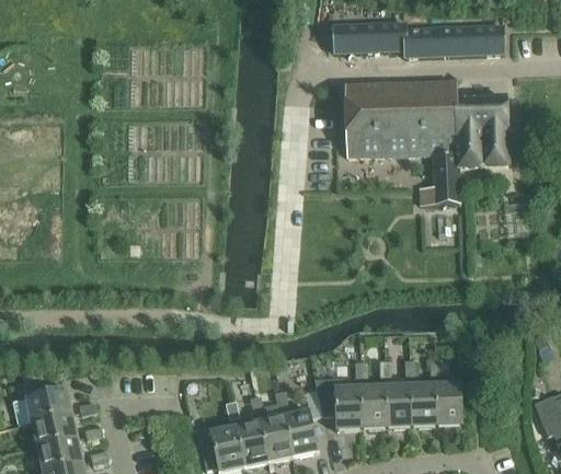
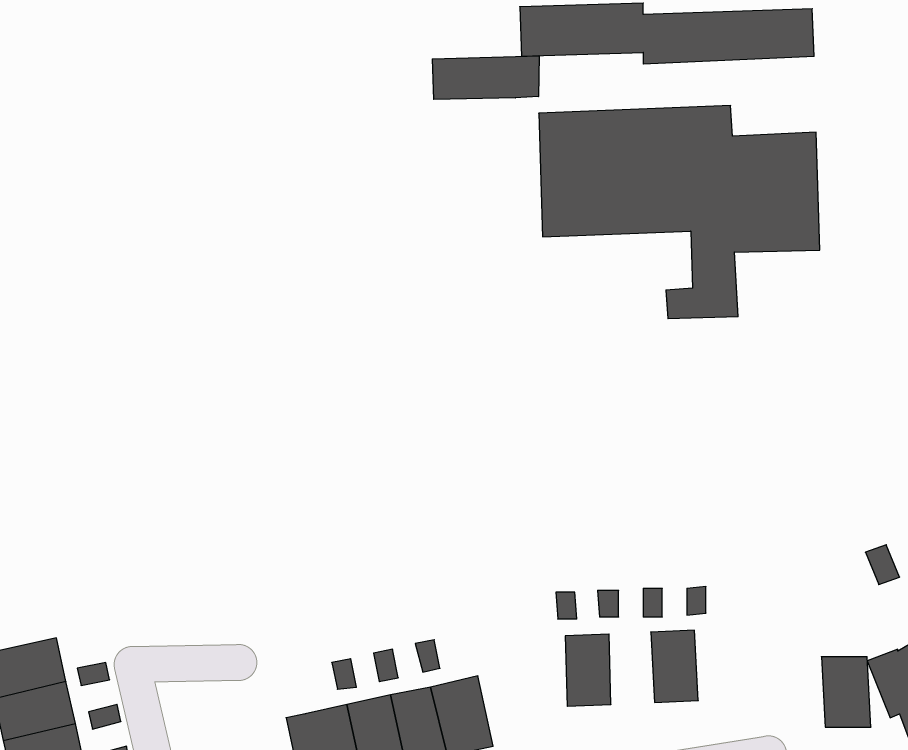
building: none -> [432,56,539,99]
building: [316,378,362,428] -> none
building: [435,383,463,424] -> [821,657,871,727]
building: [386,384,412,426] -> none

